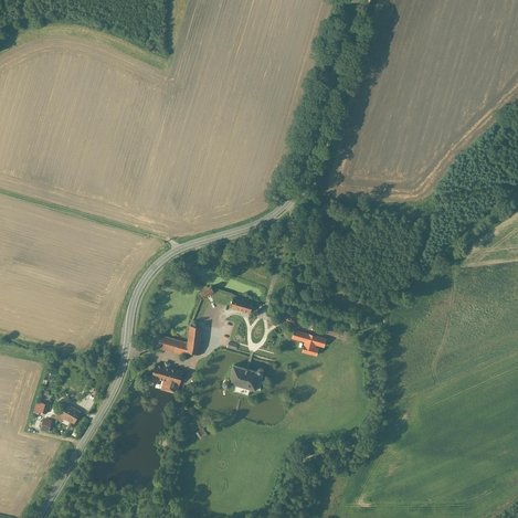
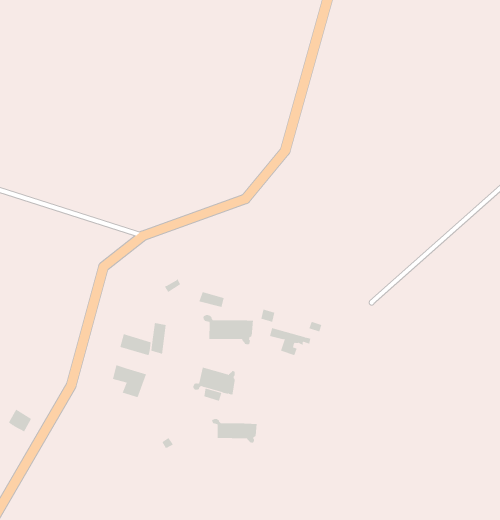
building: none -> [203,314,253,345]
building: none -> [211,418,257,444]

